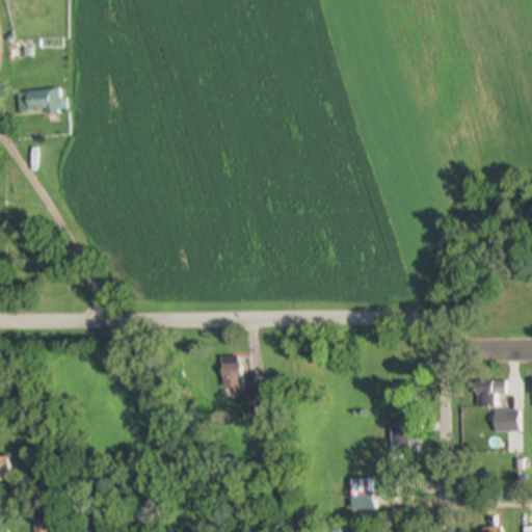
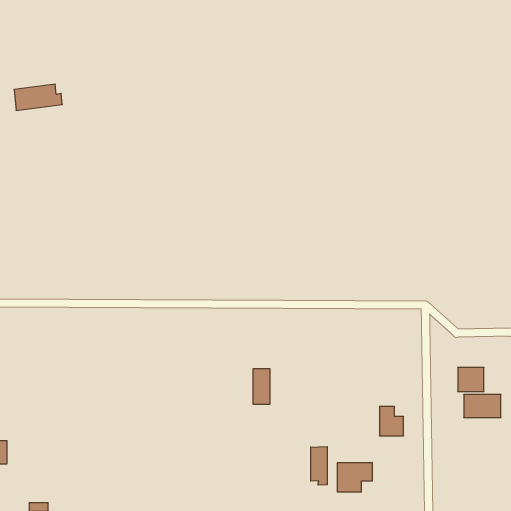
building: [220,355,238,392] -> [253,369,270,404]
building: none -> [311,447,327,485]

